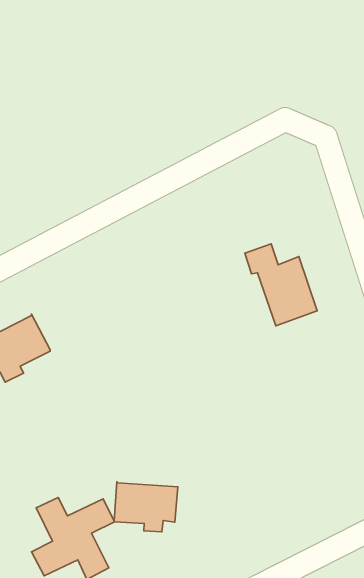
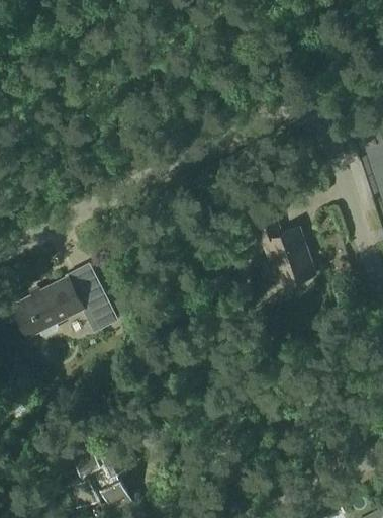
building: none -> [65,266,116,333]
building: [114,482,178,532] -> none

